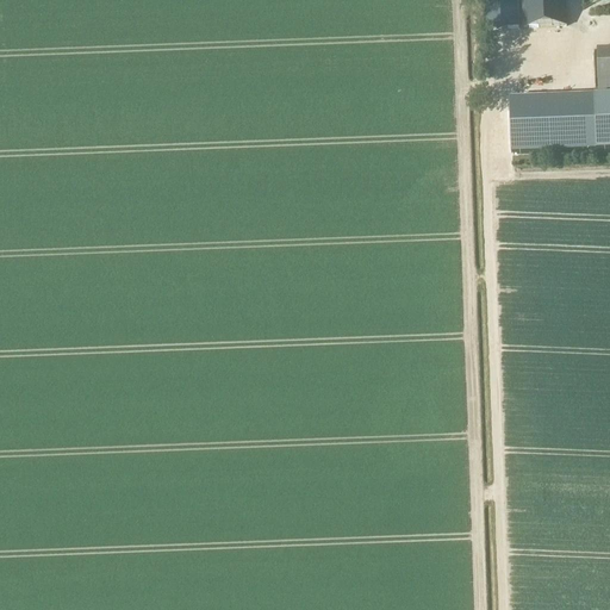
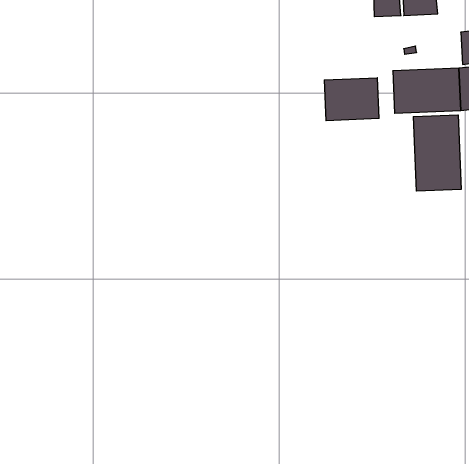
building: none -> [324,78,379,121]
building: none -> [413,115,461,191]

